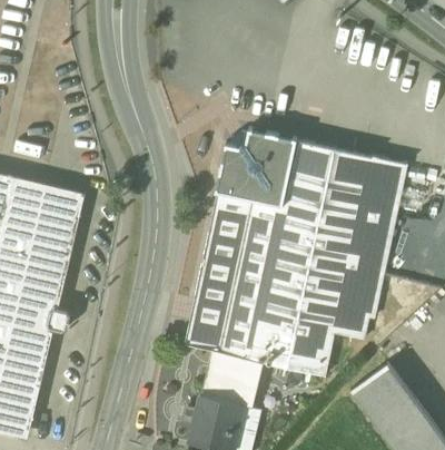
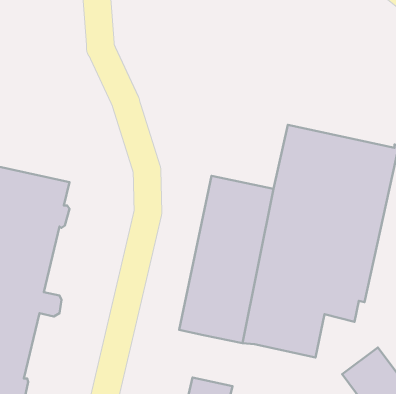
building: [216,128,297,205] -> none
building: [201,352,264,405] -> none

